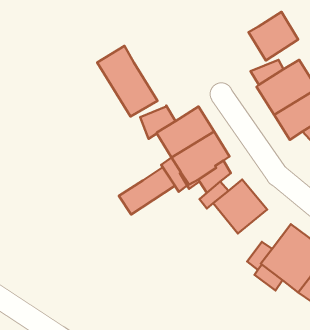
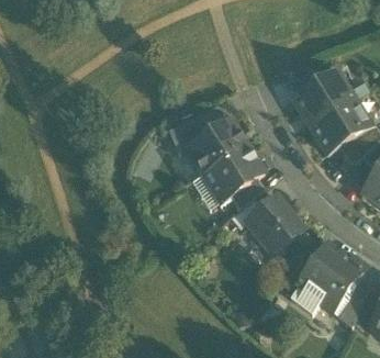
building: [248,12,298,60] -> none
building: [97,46,157,116] -> none
building: [119,168,175,215] -> none

